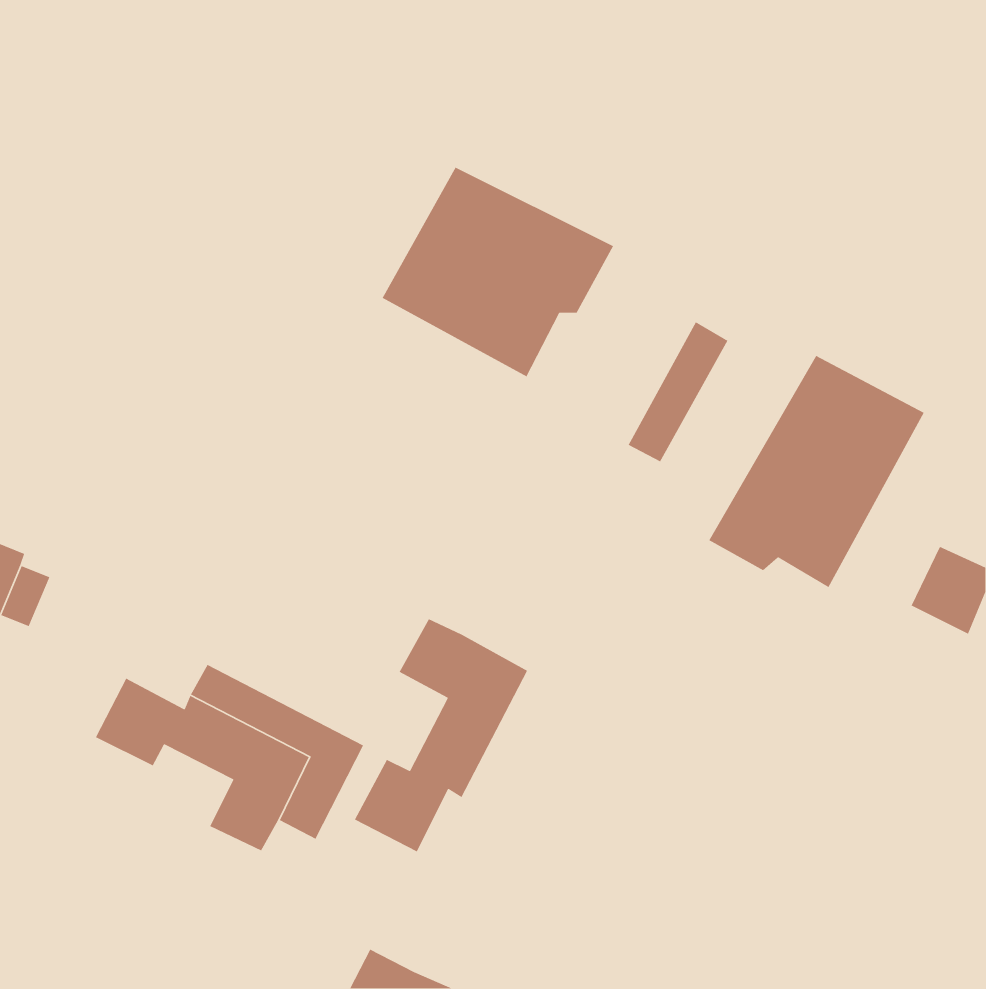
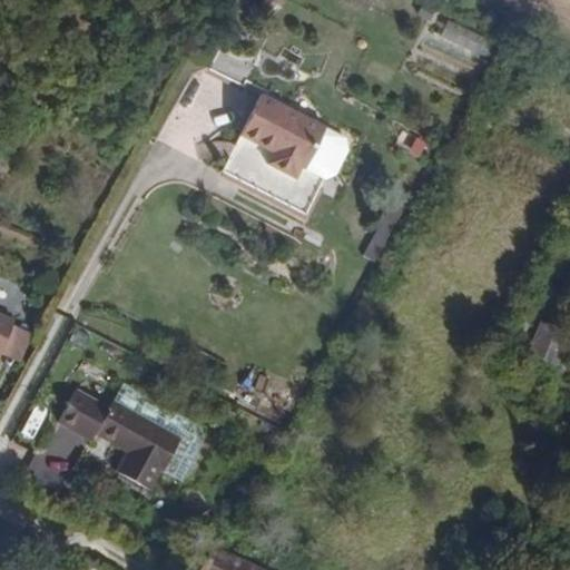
building: [708,355,925,588] -> none
building: [354,618,528,852] -> none

